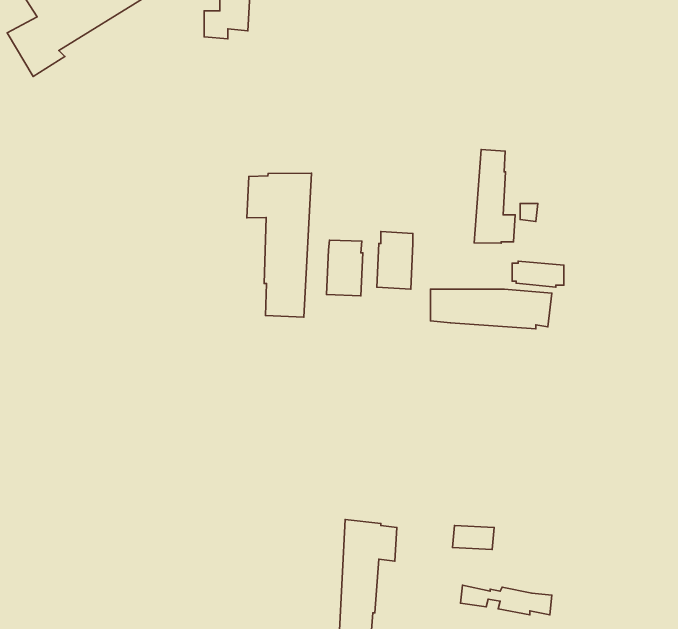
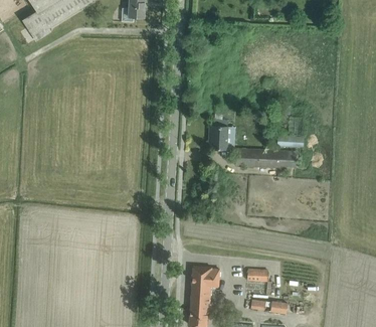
building: [474,149,515,243] -> none
building: [247,173,312,317] -> none
building: [326,240,363,296] -> none

